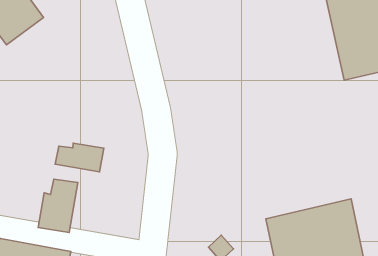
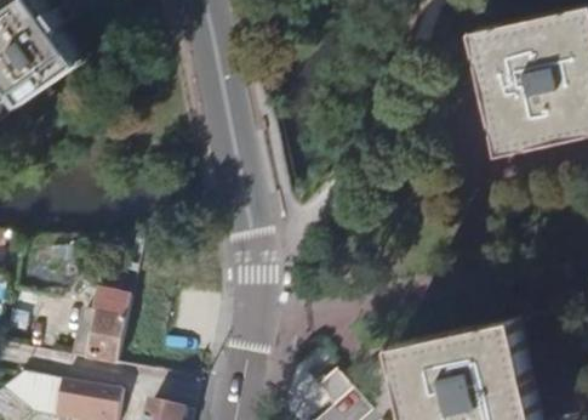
building: [55,143,104,172] -> none

